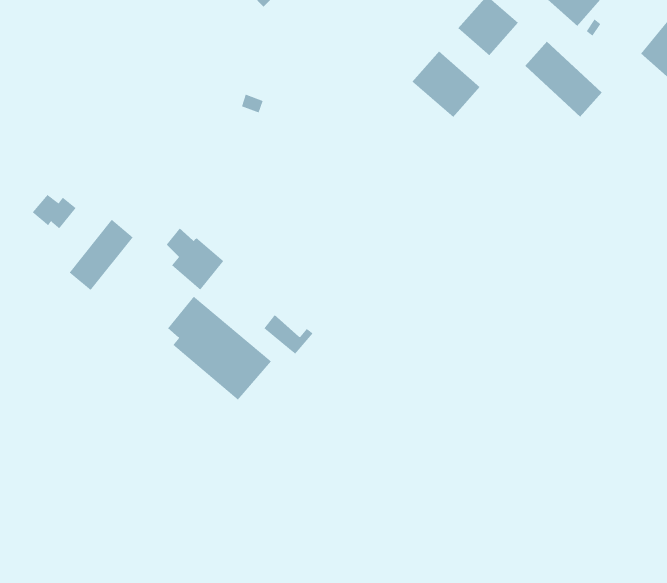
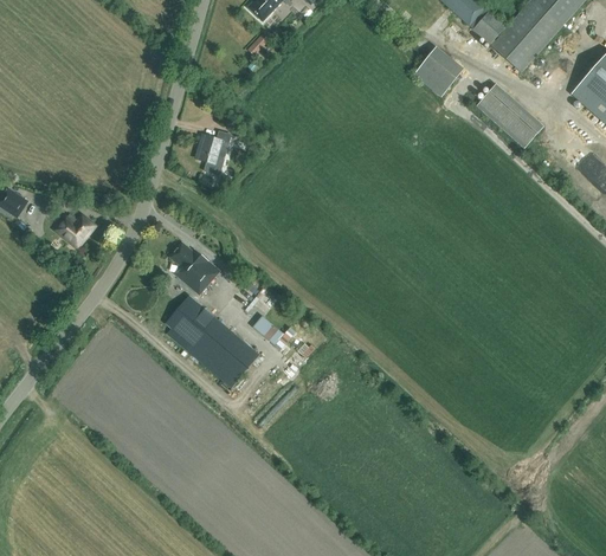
building: [412,51,481,118] -> none
building: none -> [199,130,231,174]
building: [69,219,134,291] -> none

